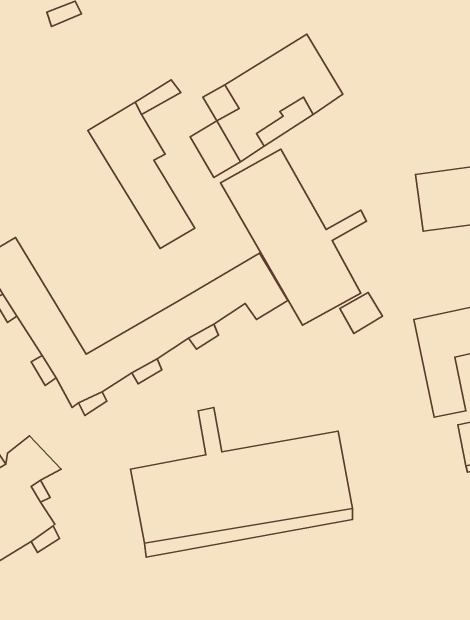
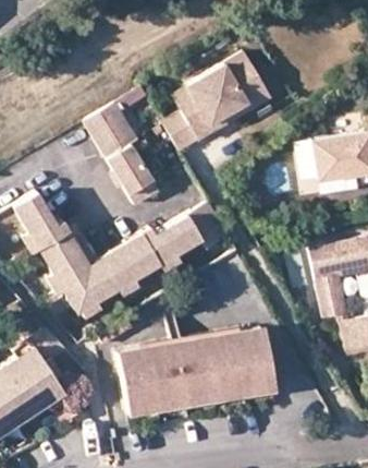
building: [220,149,367,325] -> none
building: none -> [56,219,150,274]

